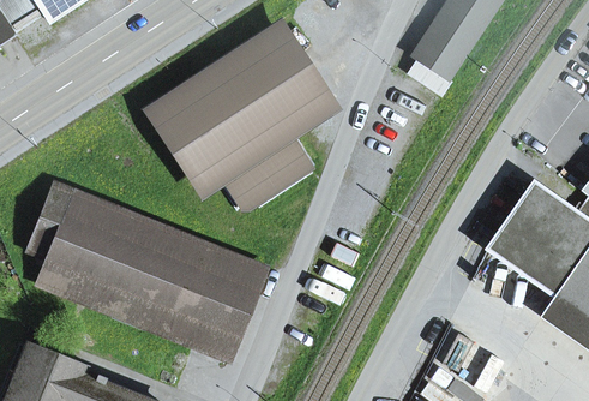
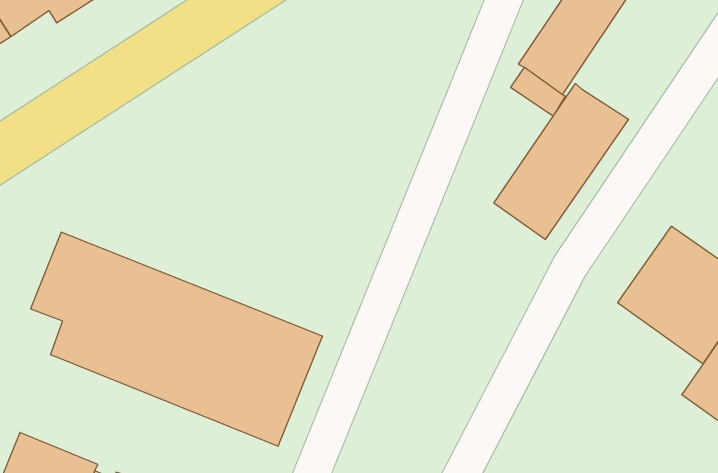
building: [155,32,329,207] -> none
building: none -> [494,84,628,239]

